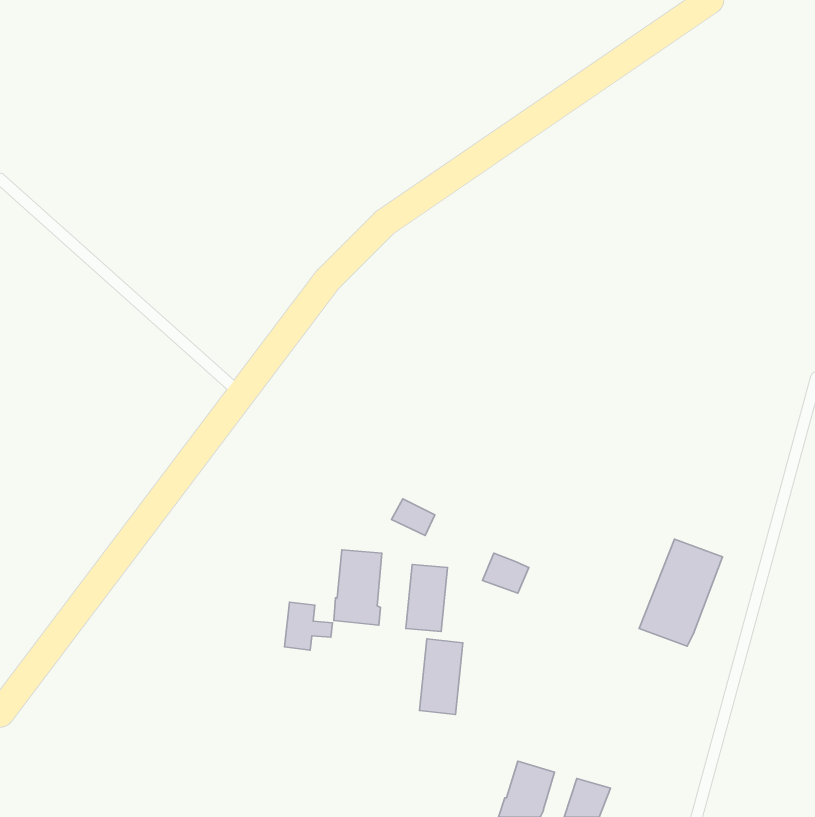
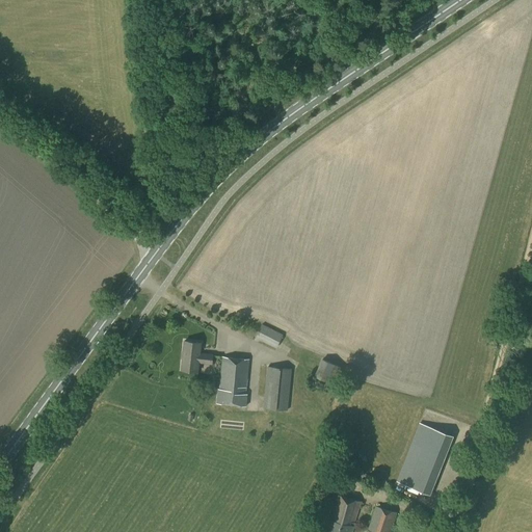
building: [639,539,722,646] -> [398,424,452,494]
building: [285,602,333,650] -> [182,341,213,372]
building: [420,639,463,715] -> none

